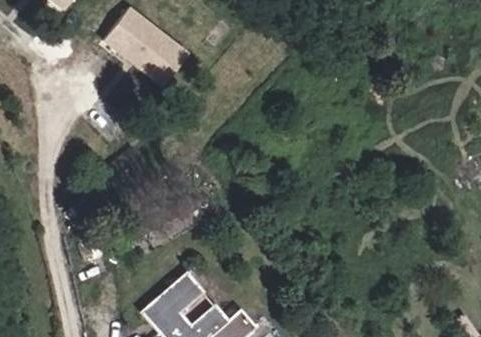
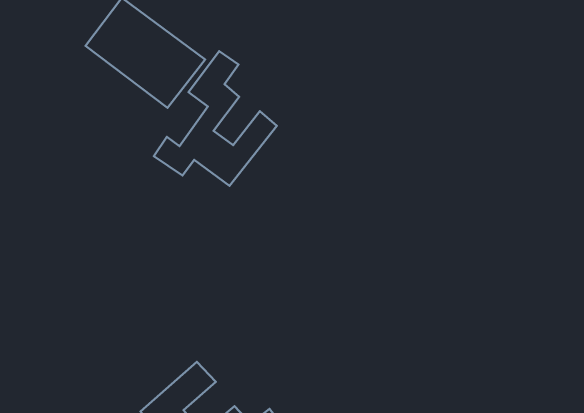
building: none -> [154,51,277,186]

